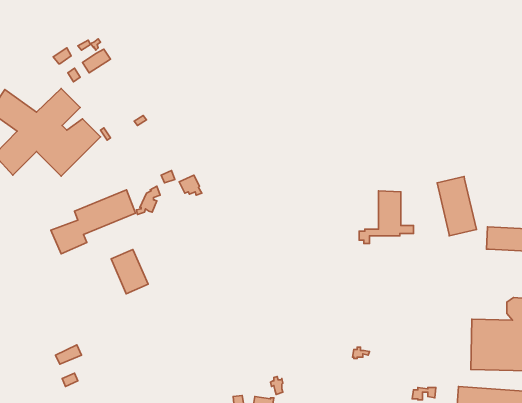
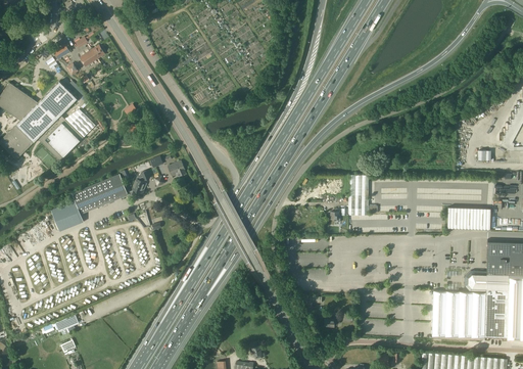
building: [437,176,476,236] -> none
building: [111,249,148,294] -> none

